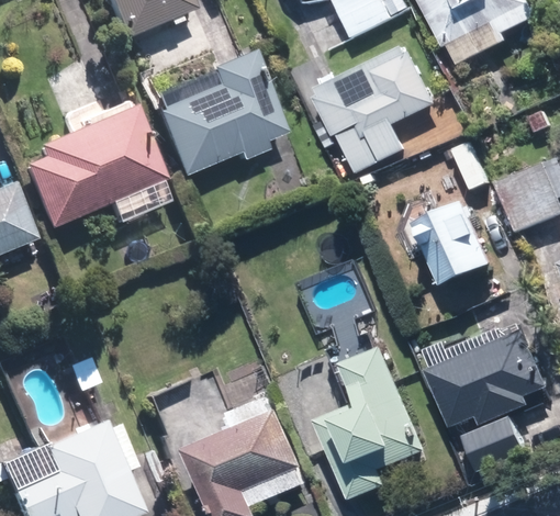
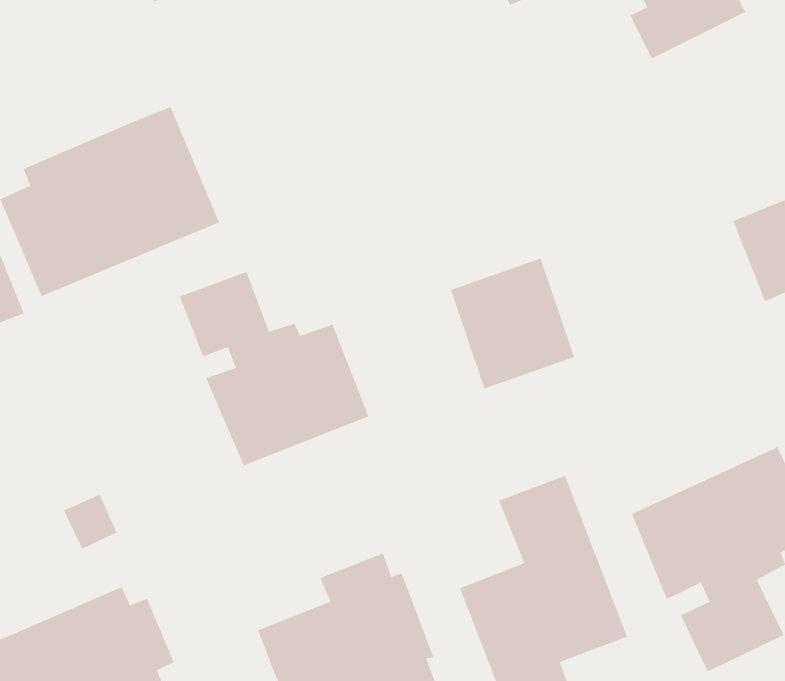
building: [302,44,427,170] -> none
building: [147,49,284,176] -> none
building: [415,199,496,284] -> [450,258,575,389]
building: none -> [179,271,369,466]

